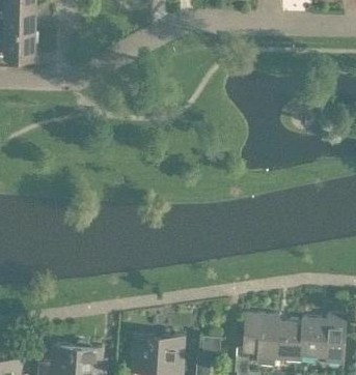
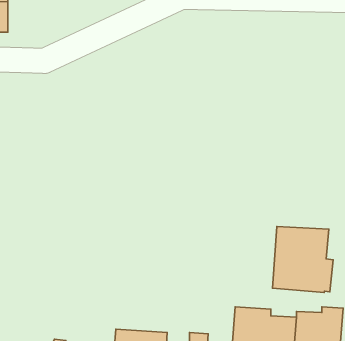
building: none -> [273,226,333,292]

